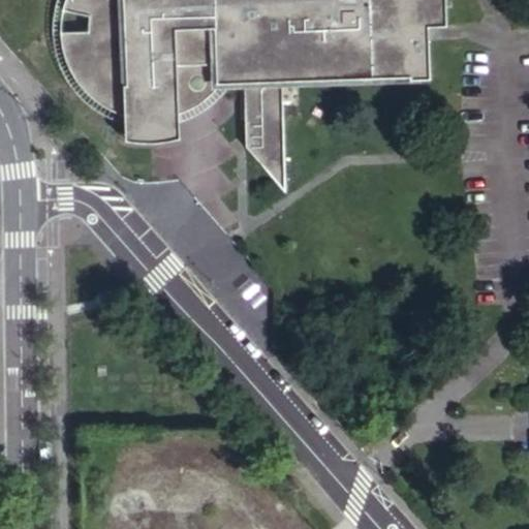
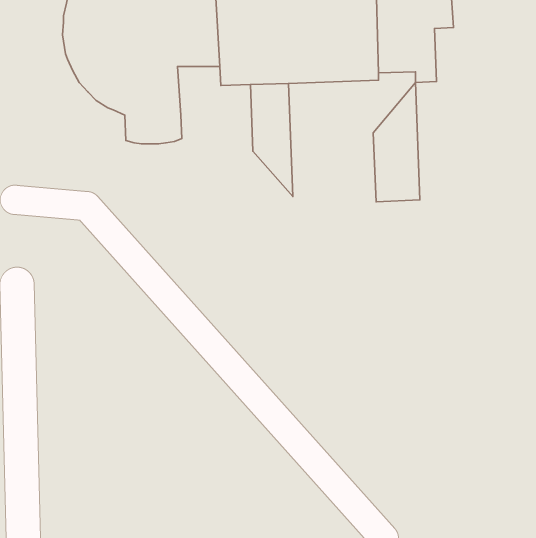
building: [174,65,216,113] -> none
building: none -> [373,82,420,202]

